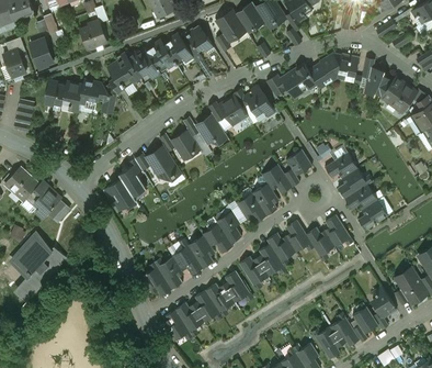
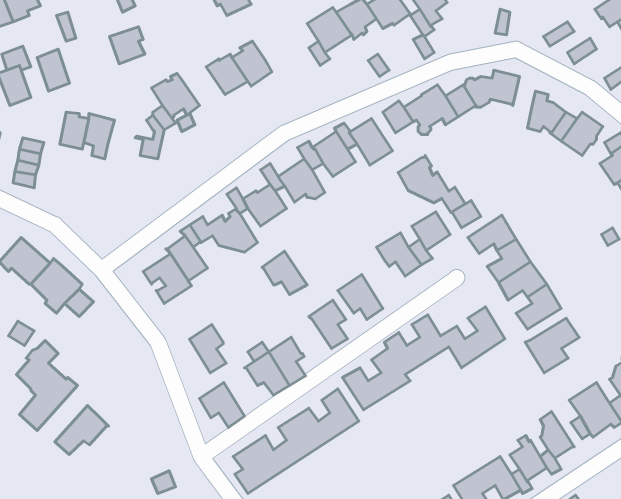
building: [184,25,211,63] -> none
building: [128,47,157,78] -> none
building: [78,82,110,107] -> none
building: none -> [398,156,465,212]
building: [251,182,277,215] -> none
building: none -> [525,318,579,373]
building: [202,223,232,253] -> [262,251,307,295]
building: [157,256,182,289] -> [189,325,226,373]
building: none -> [55,405,109,454]

